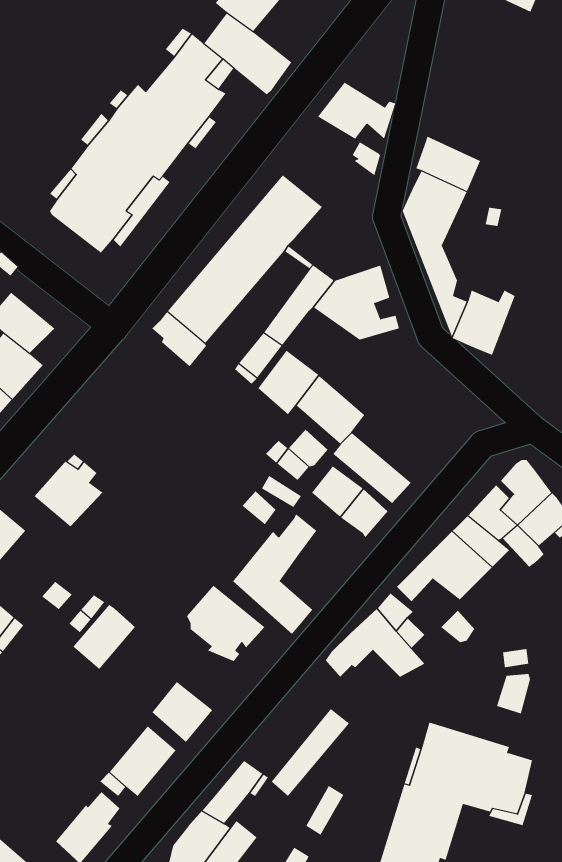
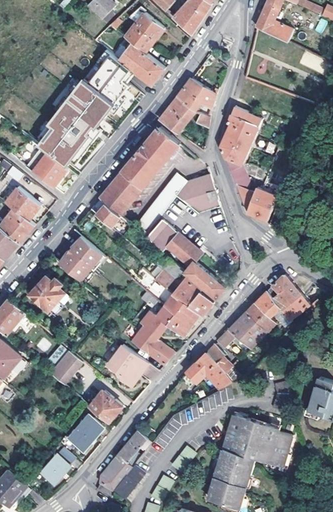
building: none -> [160,97,197,133]
building: none -> [25,148,67,188]
building: none -> [60,235,103,279]
building: none -> [166,292,200,336]

